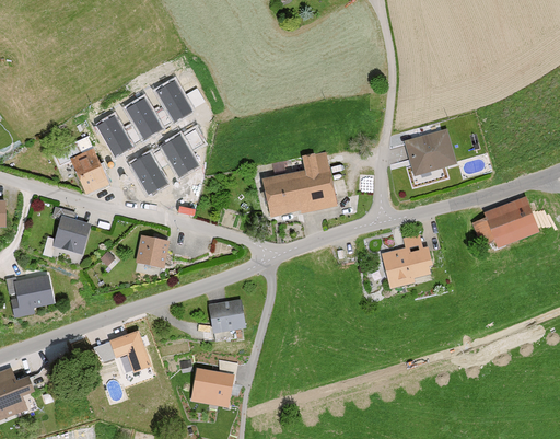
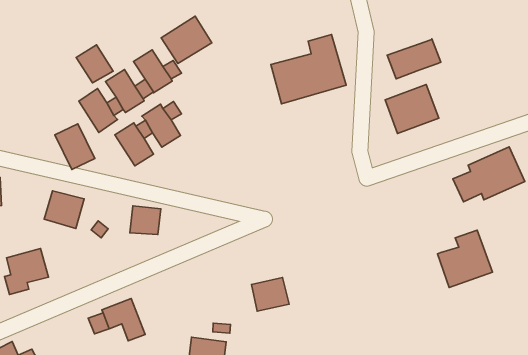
building: none -> [161,16,212,63]
building: none -> [76,45,113,83]
building: none -> [387,39,441,79]
building: [266,150,341,218] -> [271,34,346,104]
building: [382,230,436,287] -> [438,230,492,288]
building: [207,300,244,333] -> [252,278,289,311]

